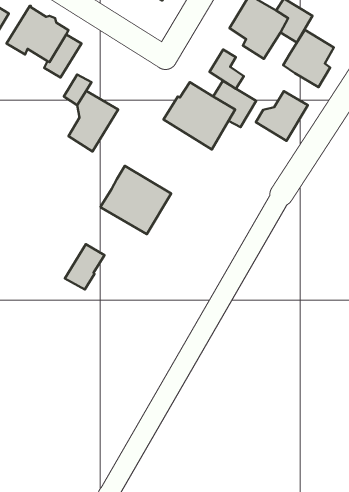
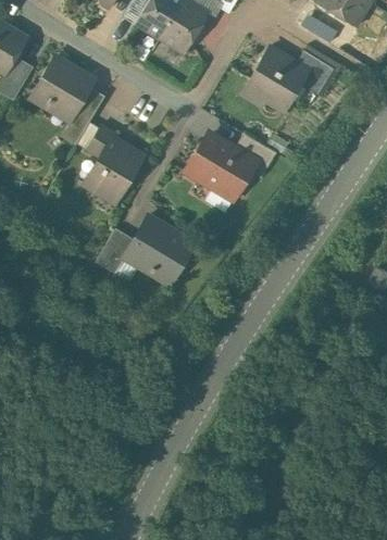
building: [283,30,334,87] -> none
building: [209,50,244,89] -> none
building: [256,91,308,141] -> none
building: [65,244,105,289] -> [95,228,134,273]

